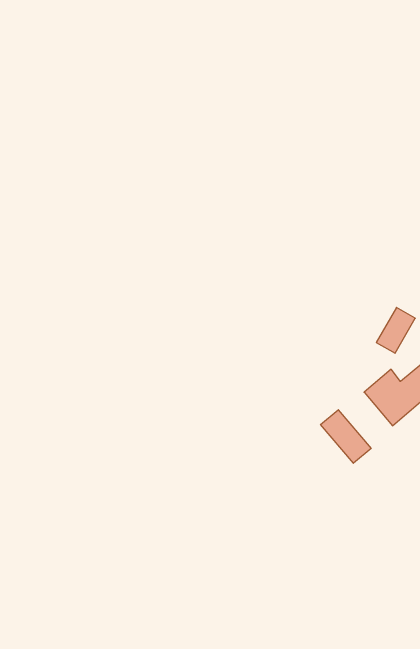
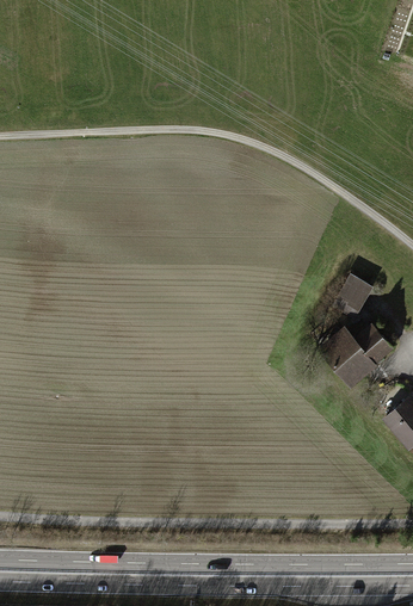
building: [321,410,371,463] -> none

